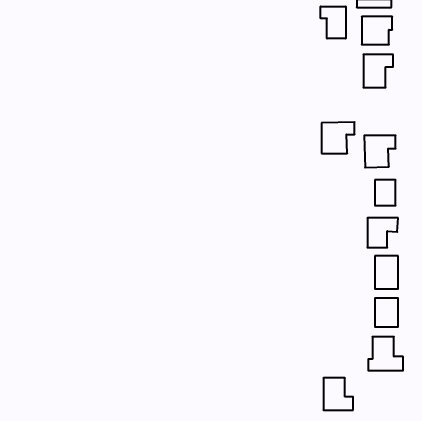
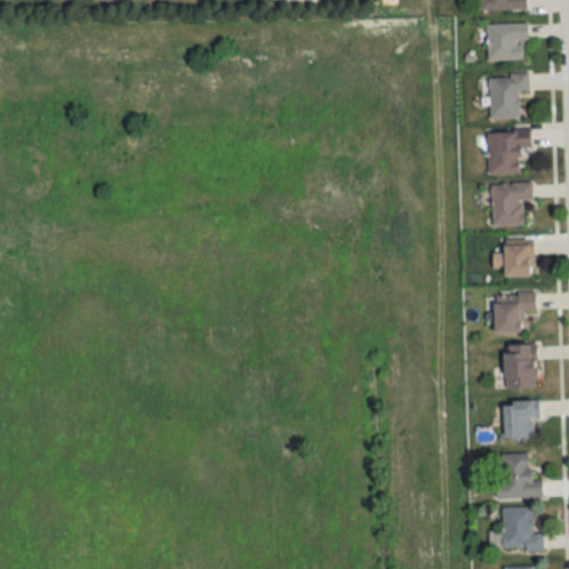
building: [321,6,346,39] -> none
building: [322,122,355,153] -> [487,131,531,173]
building: [323,378,353,410] -> [502,507,542,550]

